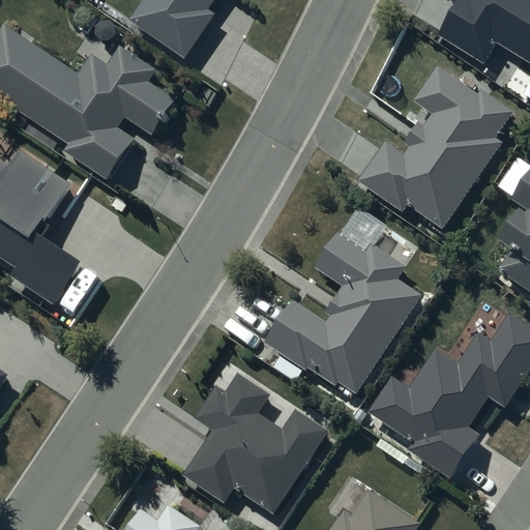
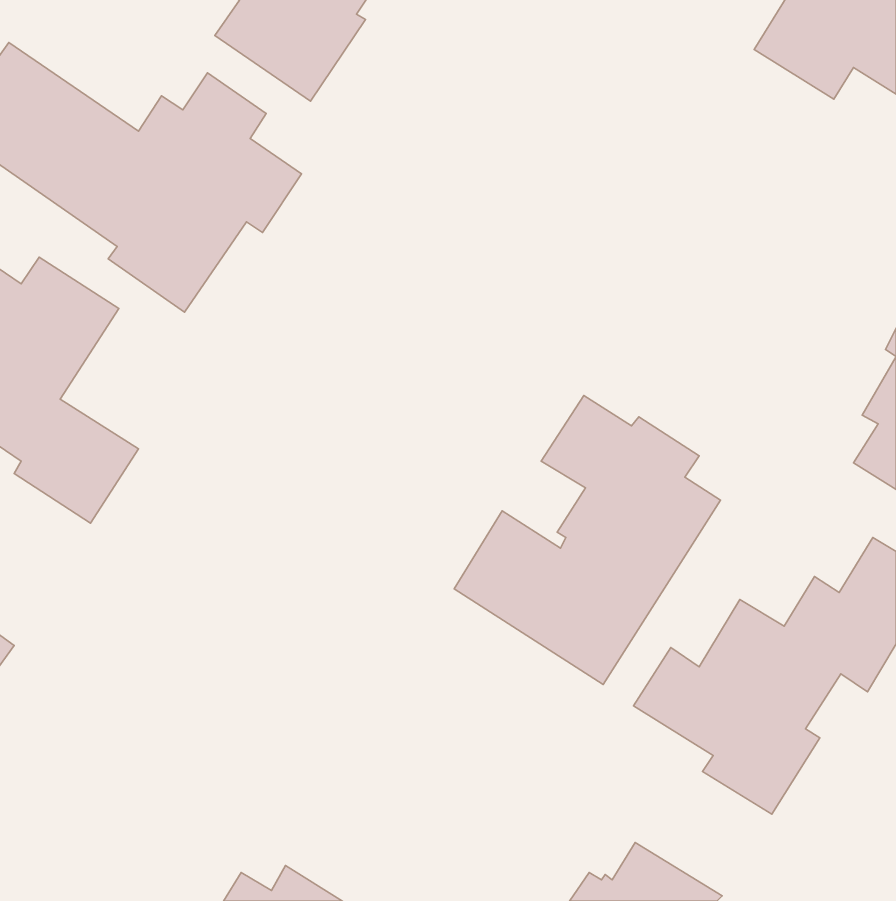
building: [360,66,512,228] -> none
building: [183,373,324,513] -> none

